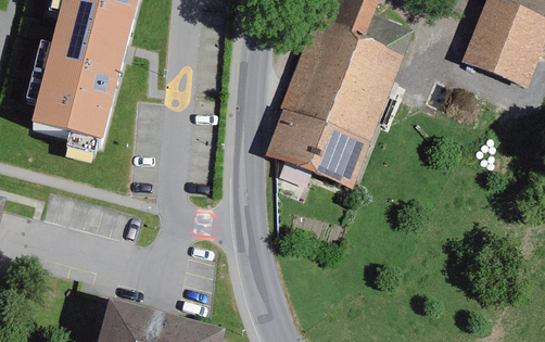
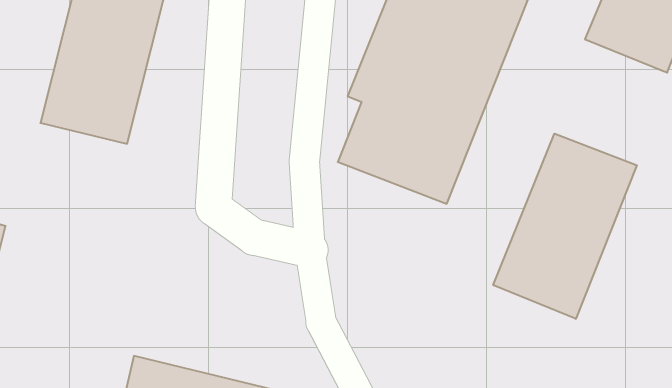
building: none -> [493,134,637,319]

